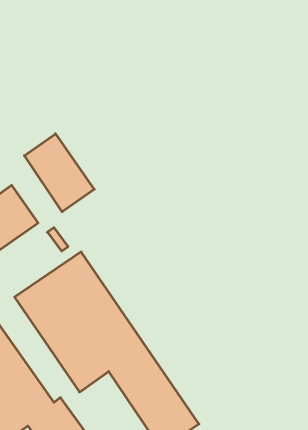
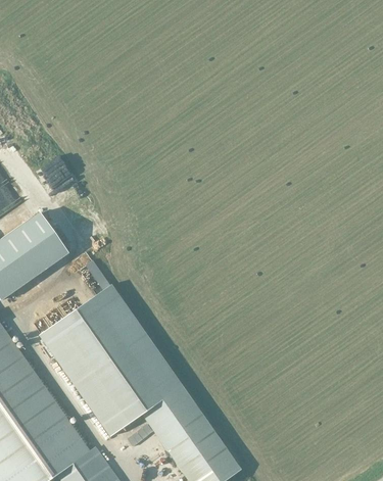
building: [24,134,94,212] -> none

